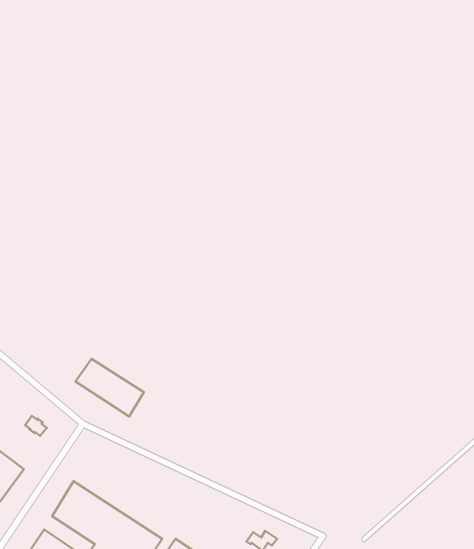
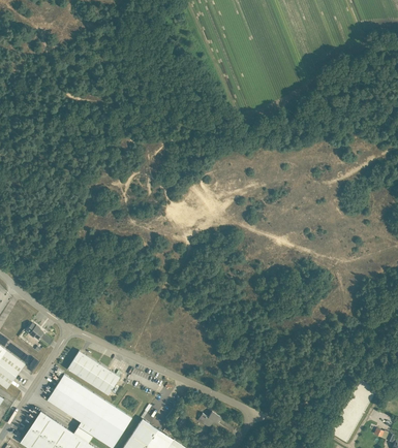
building: [76,359,144,416] -> [66,352,119,396]

